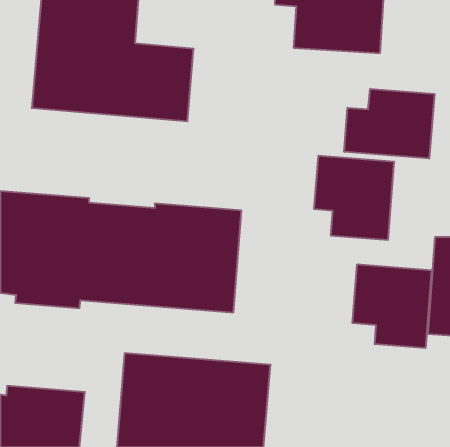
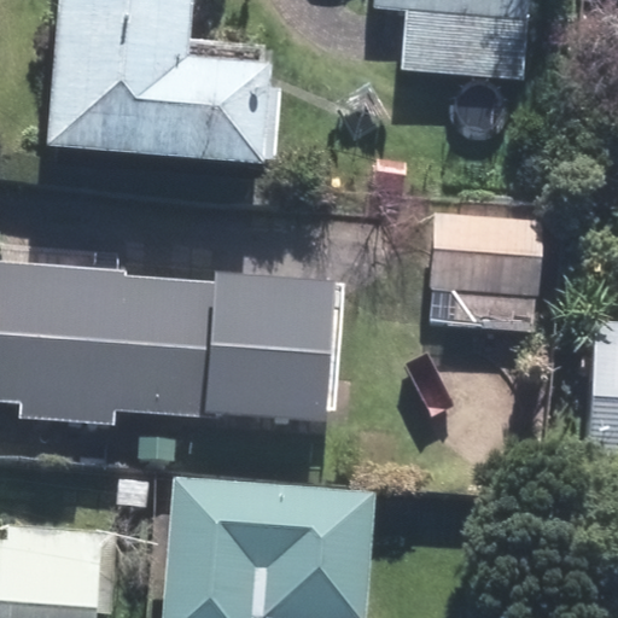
building: [344,89,434,159] -> none
building: [352,264,432,348] -> none

